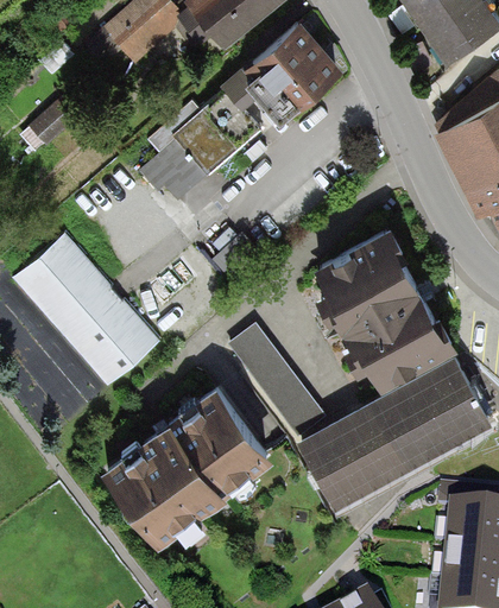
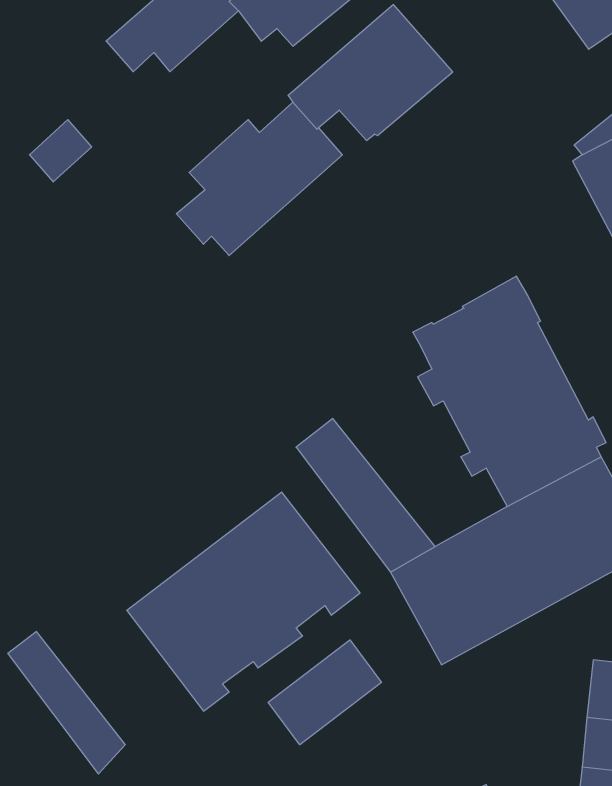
building: [12,238,160,393] -> none
building: none -> [8,631,125,774]
building: none -> [268,640,381,745]

